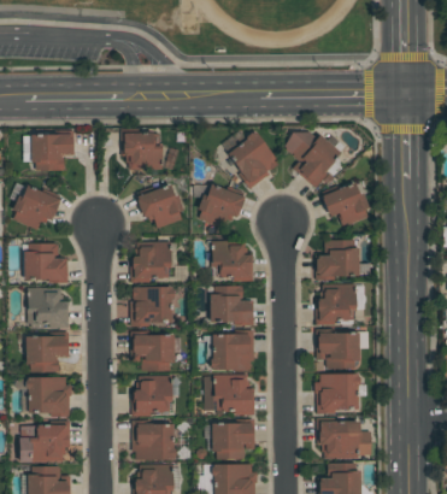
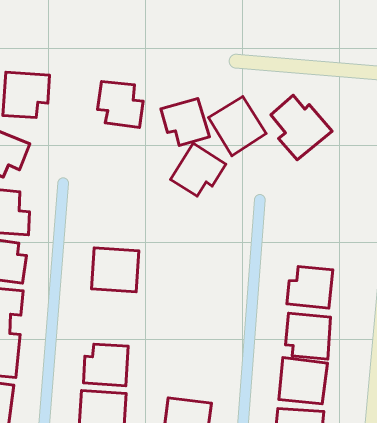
building: [322,181,370,227] -> none
building: [137,182,186,228] -> [161,98,210,145]
building: [316,240,359,278] -> none
building: [131,241,172,280] -> none
building: [214,241,253,280] -> none
building: [211,292,254,325] -> none
building: [133,331,175,372] -> none
building: [213,331,253,371] -> none
building: [205,376,254,414] -> none

